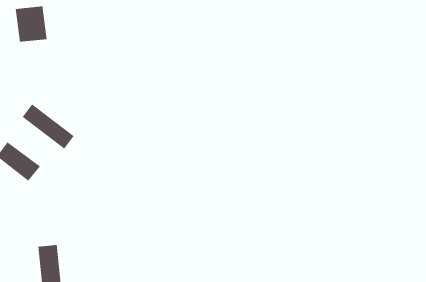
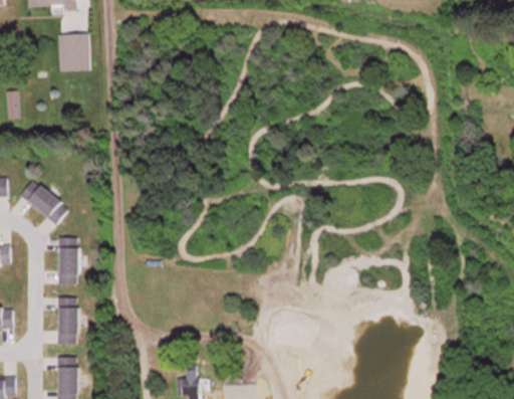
building: [22,103,75,149] -> none
building: none -> [58,238,79,283]

